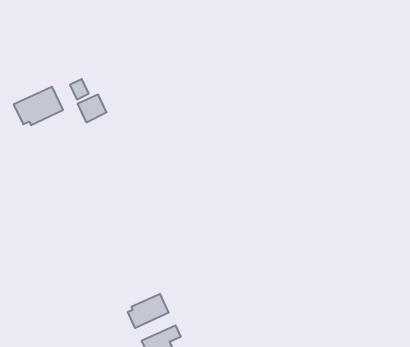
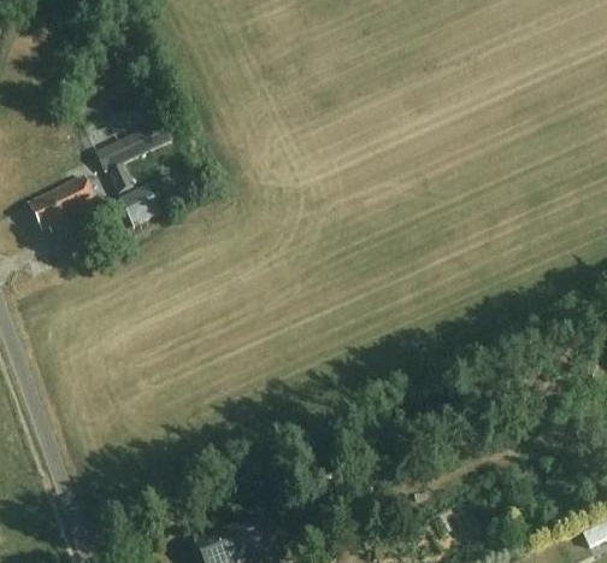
building: none -> [95,119,173,171]
building: [128,294,168,328] -> none

